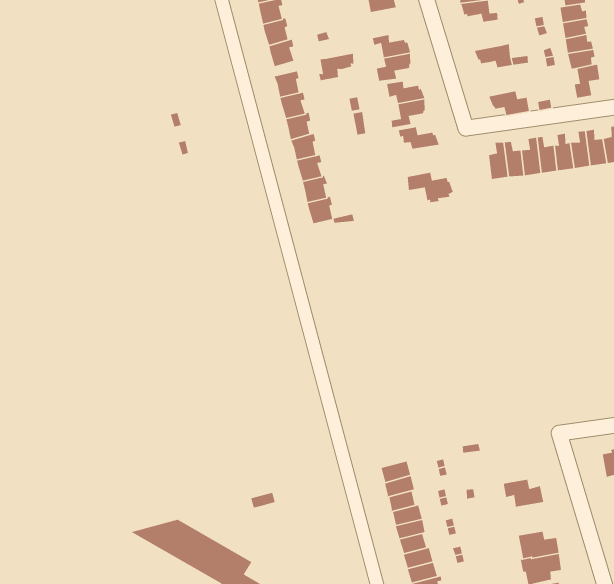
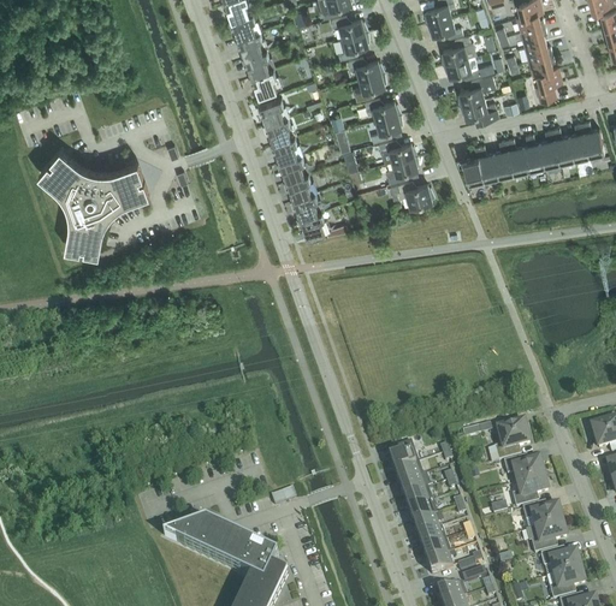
building: none -> [440,36,476,65]
building: [318,53,354,81] -> [337,31,369,60]
building: none -> [457,76,496,106]
building: none -> [37,147,149,254]
building: none -> [385,155,419,184]
building: none -> [493,422,528,462]
building: none -> [511,476,546,507]

